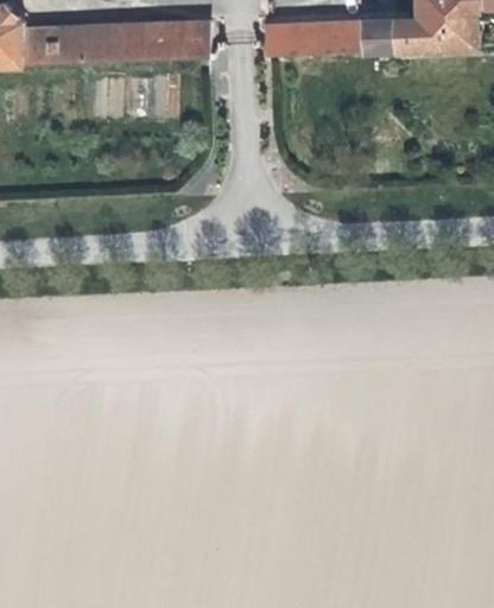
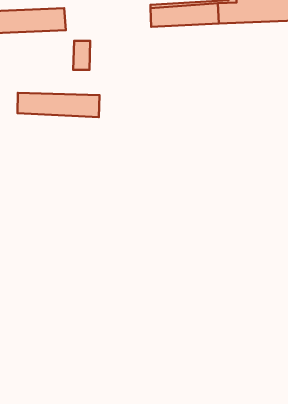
building: [141,25,207,59] -> none
building: none -> [18,93,99,117]

